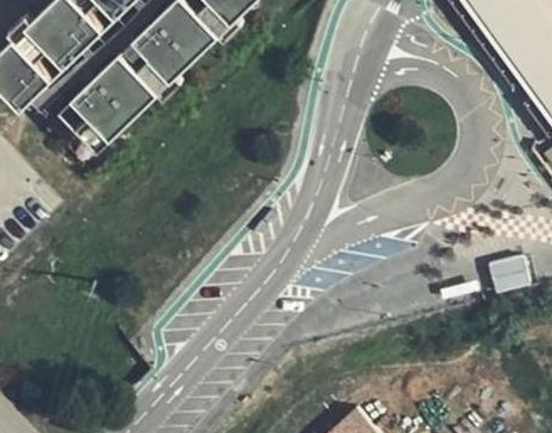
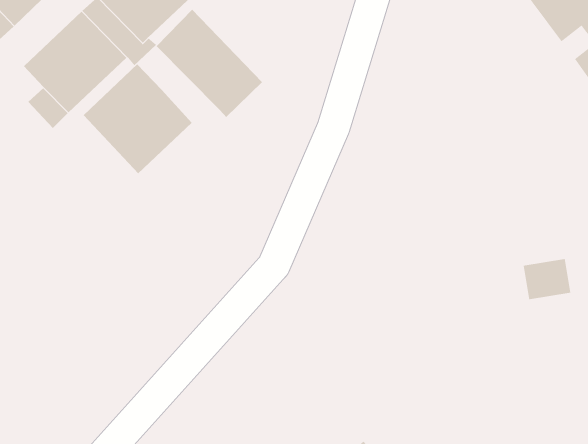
building: none -> [156,9,263,118]
building: none -> [83,64,192,174]

